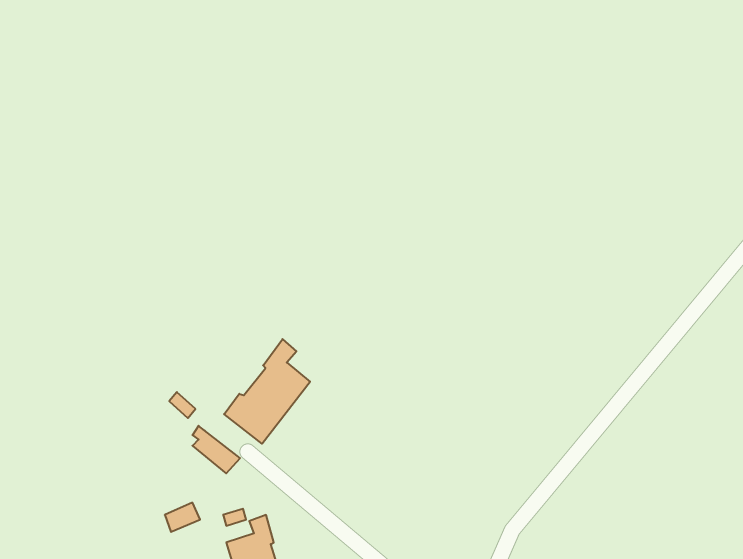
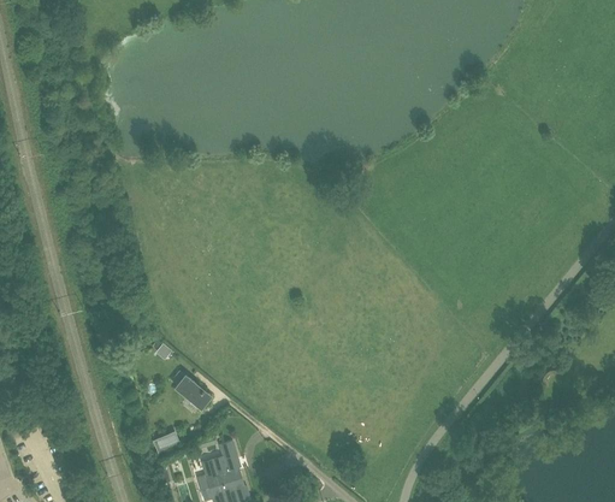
building: [224,339,310,444] -> none

